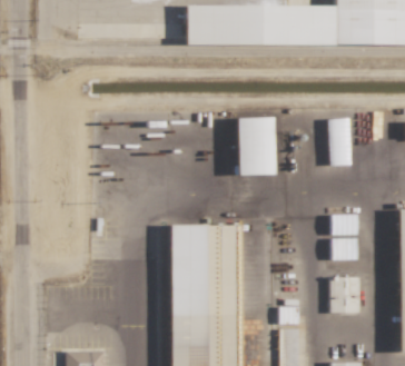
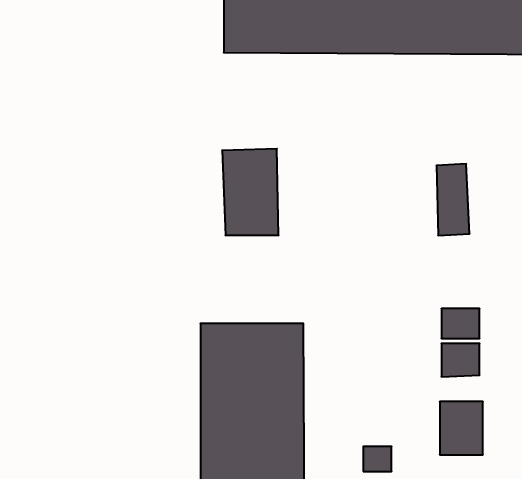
building: [238,117,276,175] -> [222,149,279,235]

